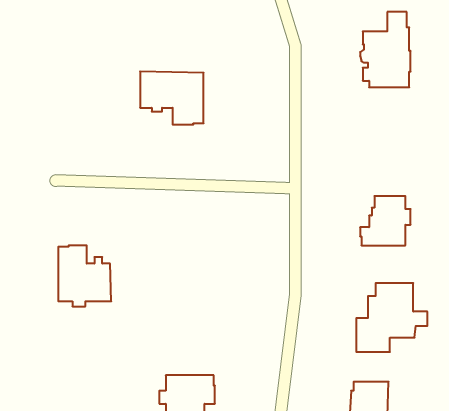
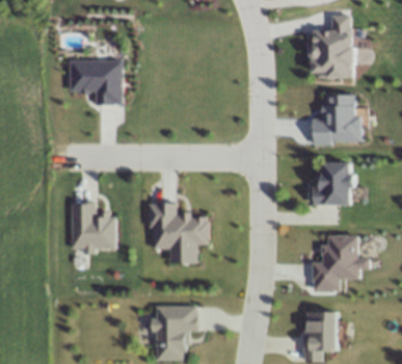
building: [140,71,204,125] -> [72,60,123,103]
building: none -> [315,95,361,144]
building: none -> [151,203,209,261]

